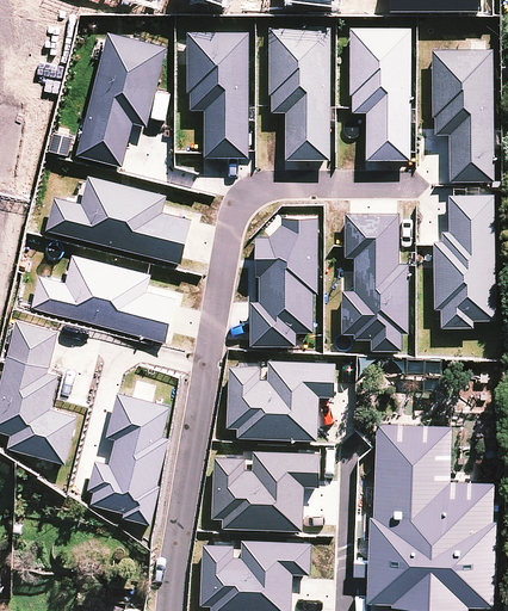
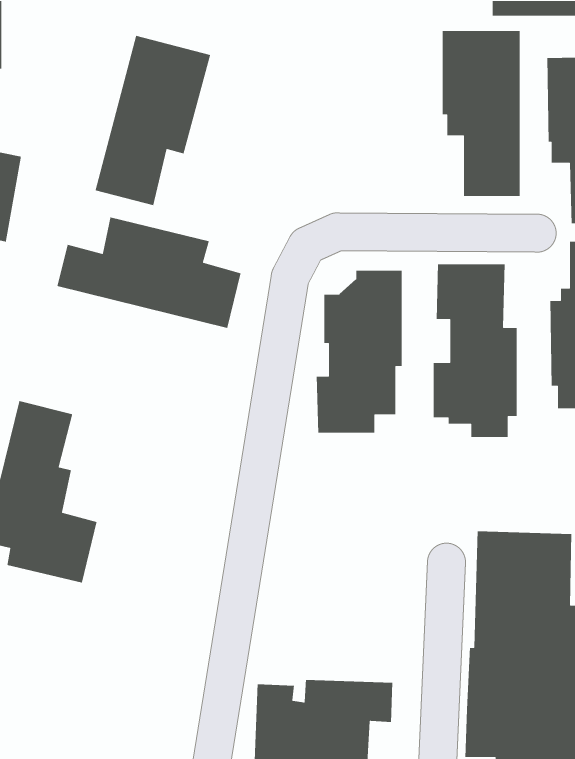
building: [268,27,329,159] -> none
building: [187,32,248,158] -> none
building: [30,255,175,344] -> none
building: [227,360,334,439] -> none
building: [87,391,171,523] -> none
building: [211,451,320,530] -> none

